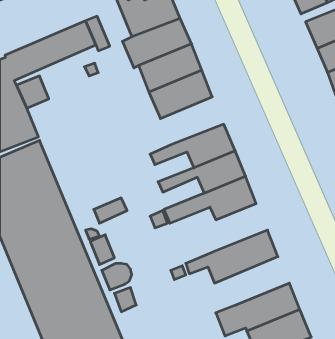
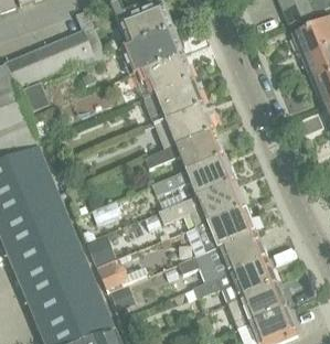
building: none -> [155,103,215,149]
building: none -> [195,205,257,251]
building: none -> [192,256,278,302]

